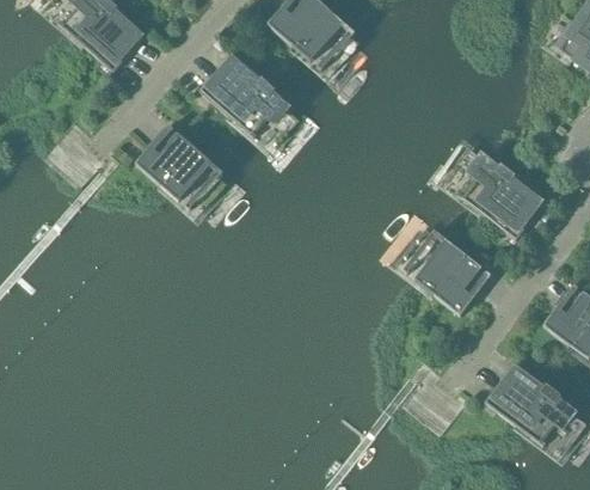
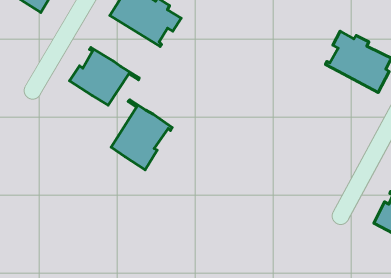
building: none -> [111,100,172,170]
building: [416,238,492,313] -> none

